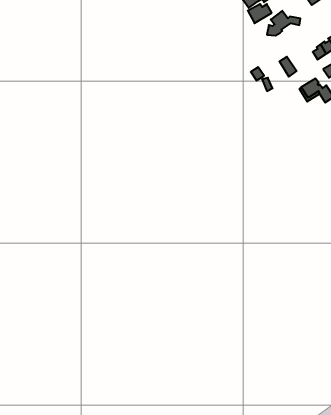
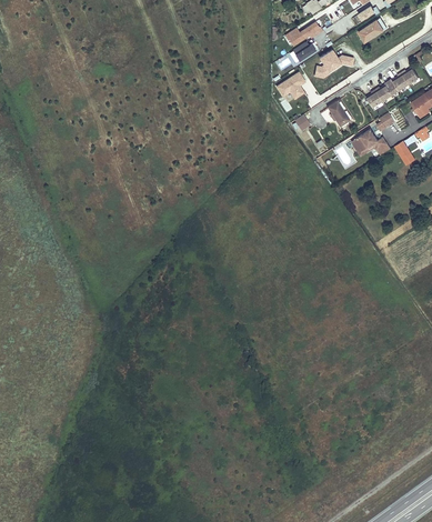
building: none -> [274,72,305,100]

